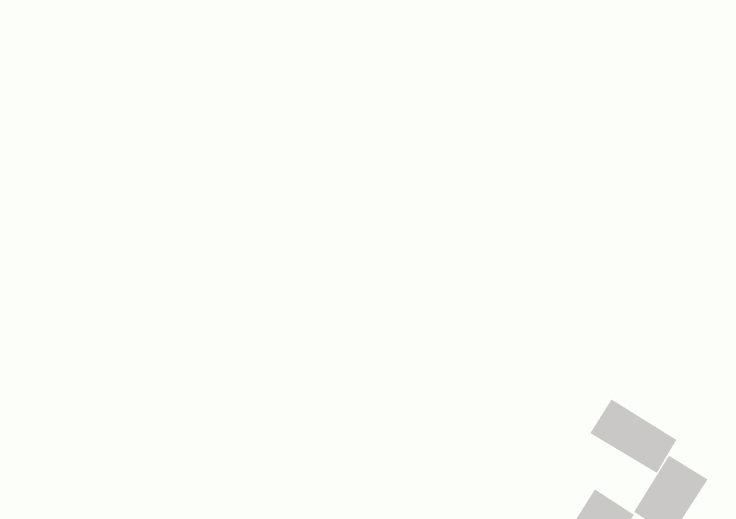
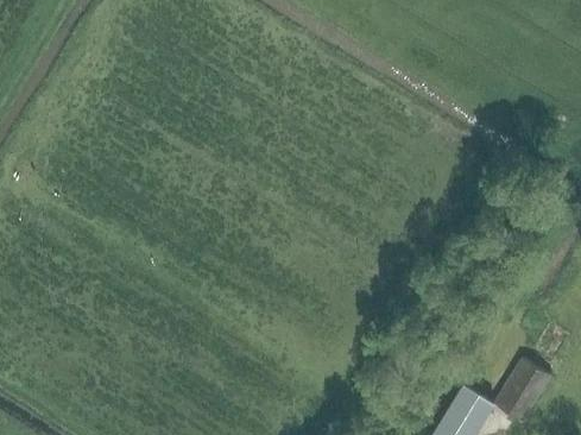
building: [590,399,677,474] -> none

